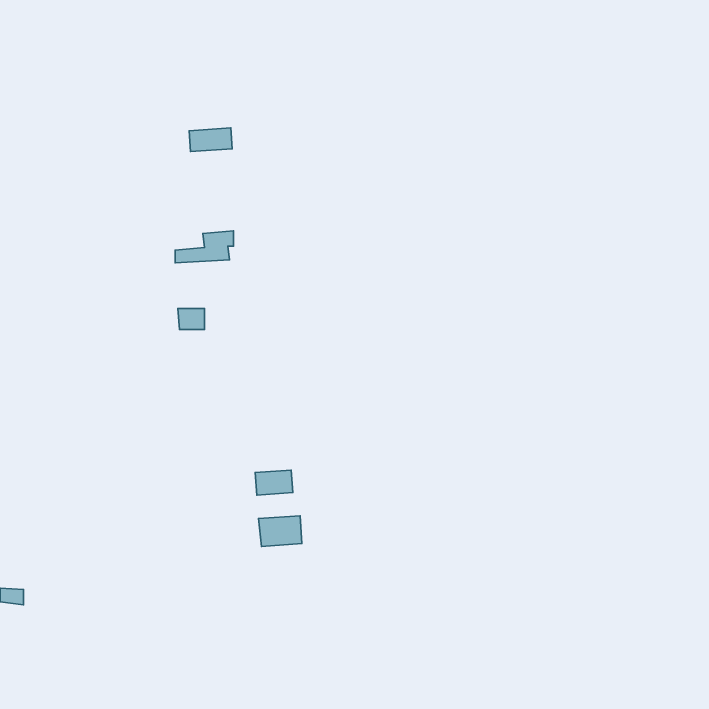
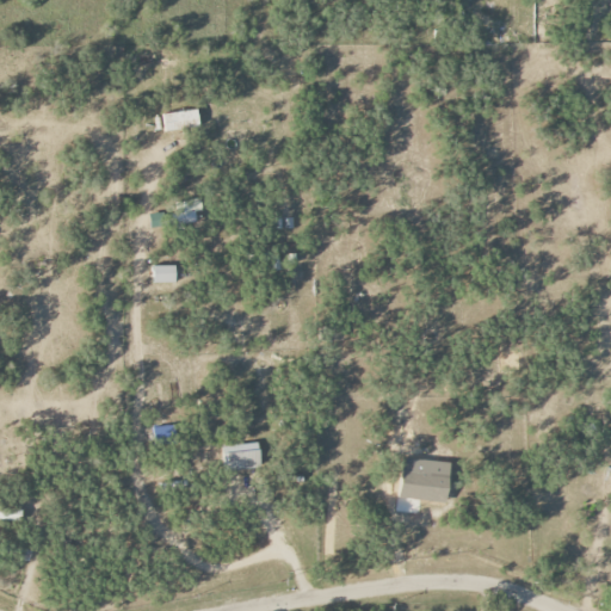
building: [255,470,293,495] -> none
building: none -> [400,469,450,501]

